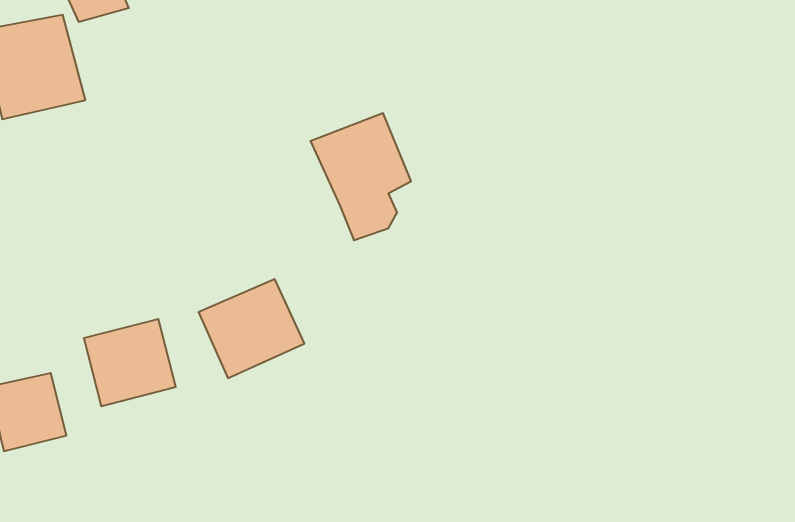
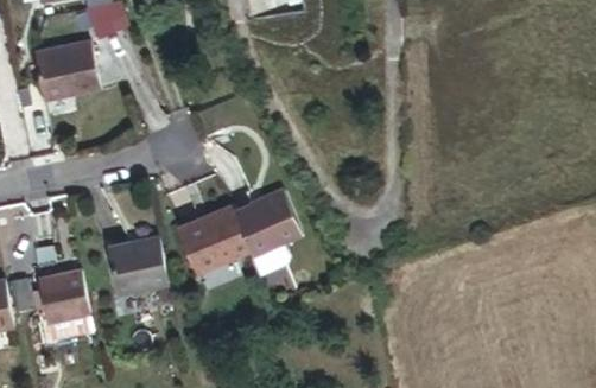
building: [310,113,411,240] -> [232,189,300,275]

